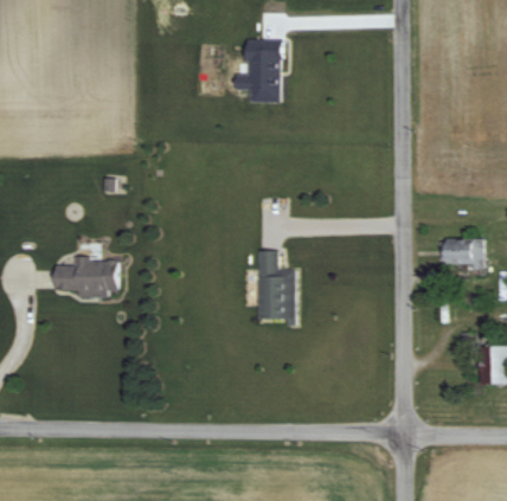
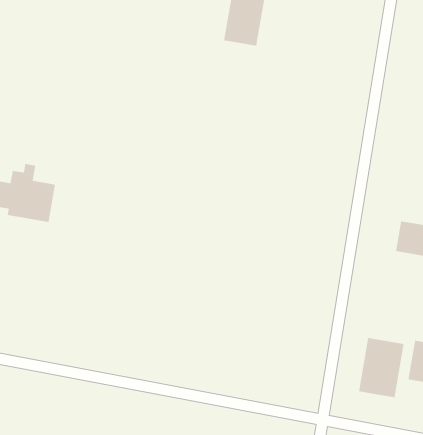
building: [259,250,295,319] -> none
building: none -> [358,337,405,398]

